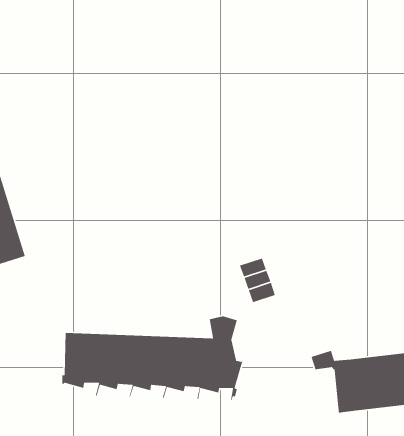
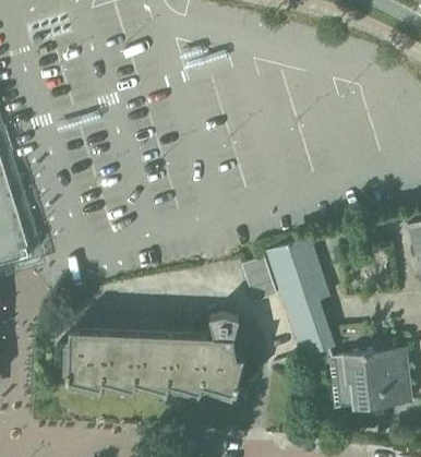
building: none -> [267,237,334,358]

